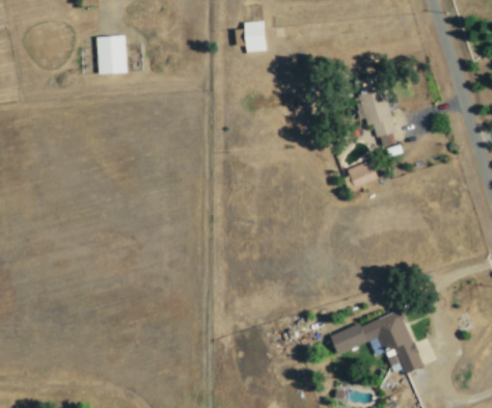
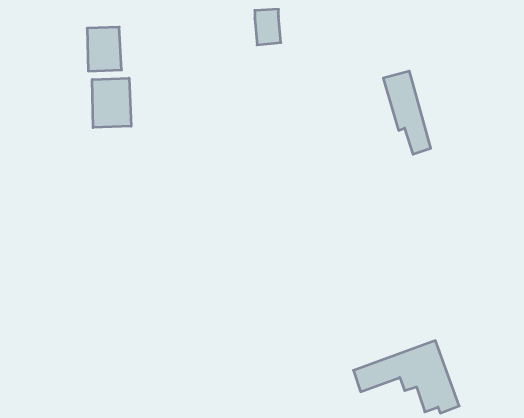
building: none -> [92,78,131,128]
building: [348,159,379,187] -> none

